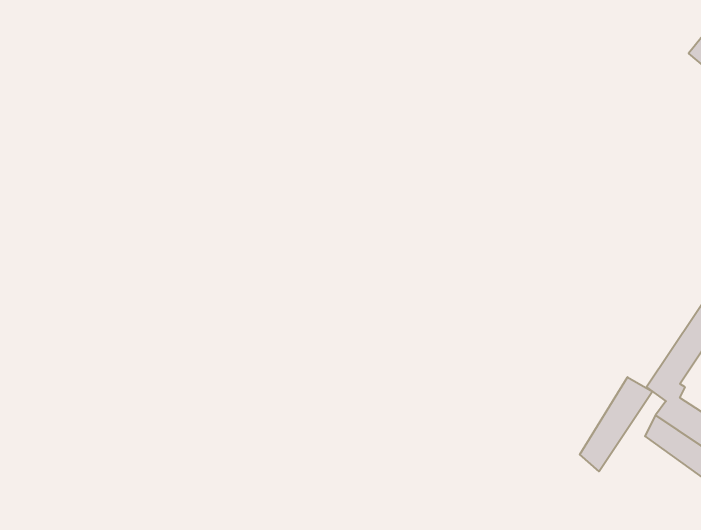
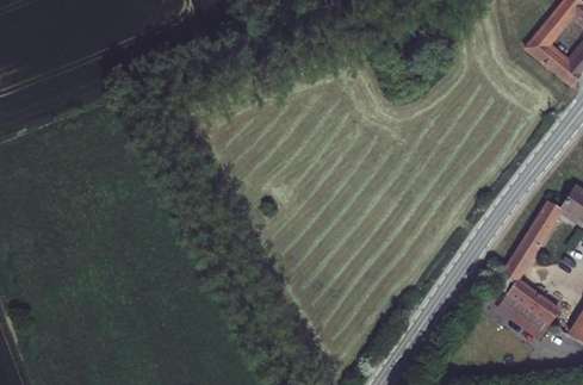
building: [580,377,652,471] -> none

